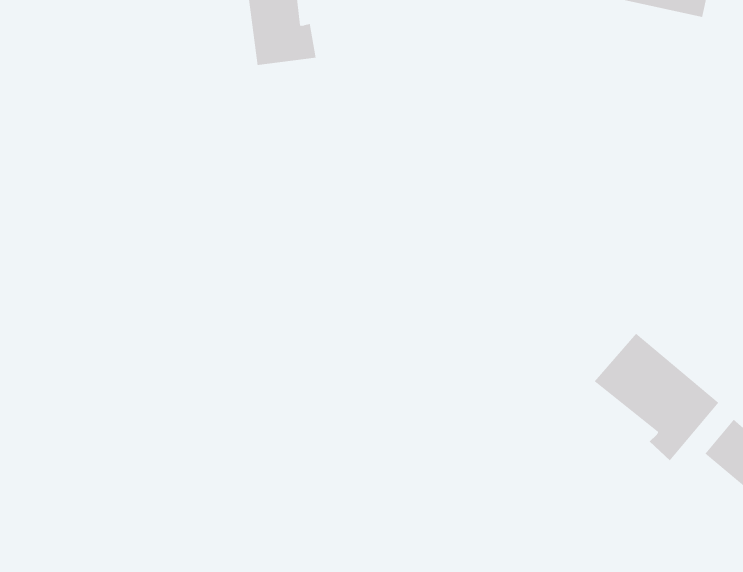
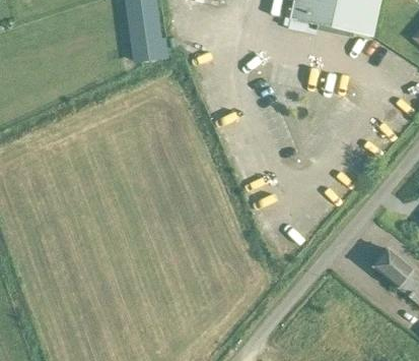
building: [594,333,719,461] -> none

